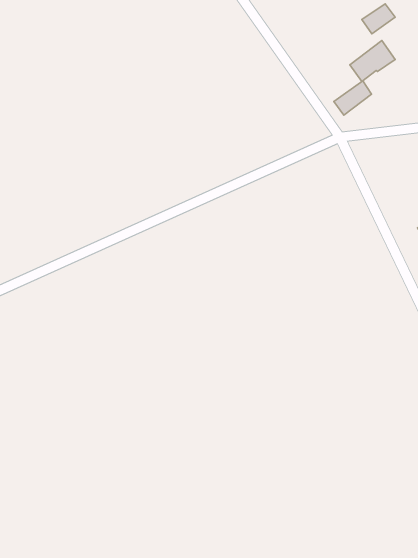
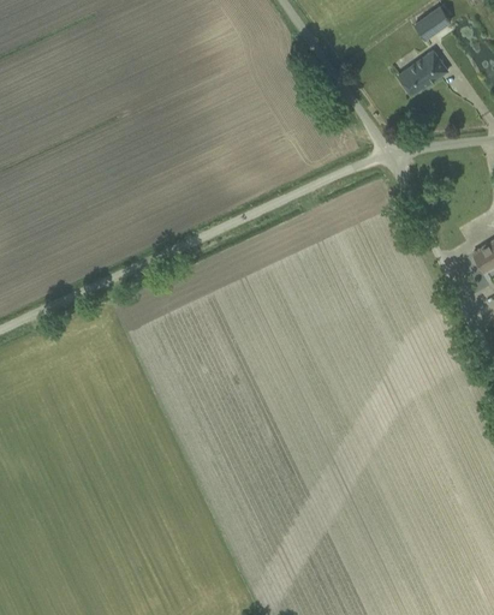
building: [334,81,372,115] -> none

